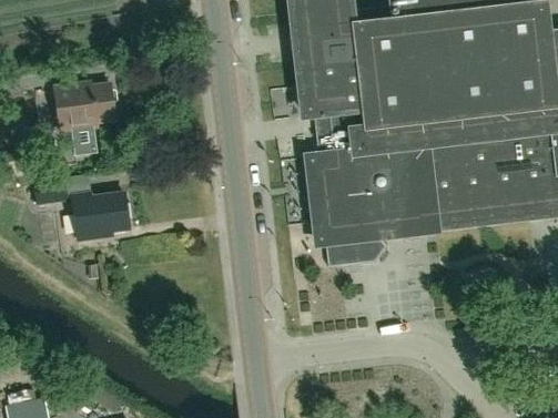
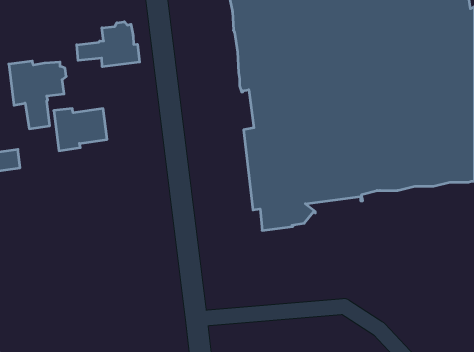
building: none -> [77,22,140,67]
building: [71,195,129,241] -> [54,109,107,151]

